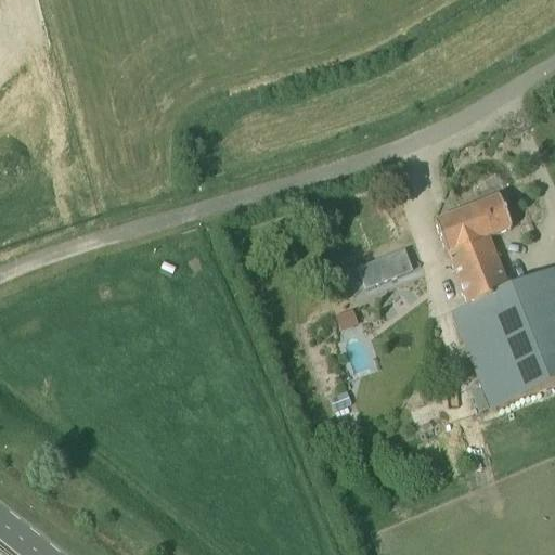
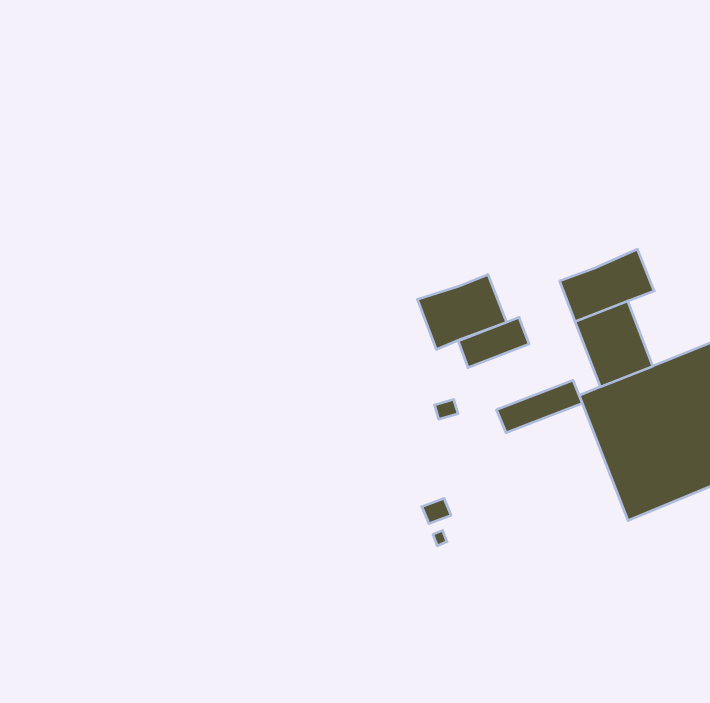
building: none -> [417,274,506,349]
building: none -> [497,380,582,433]

